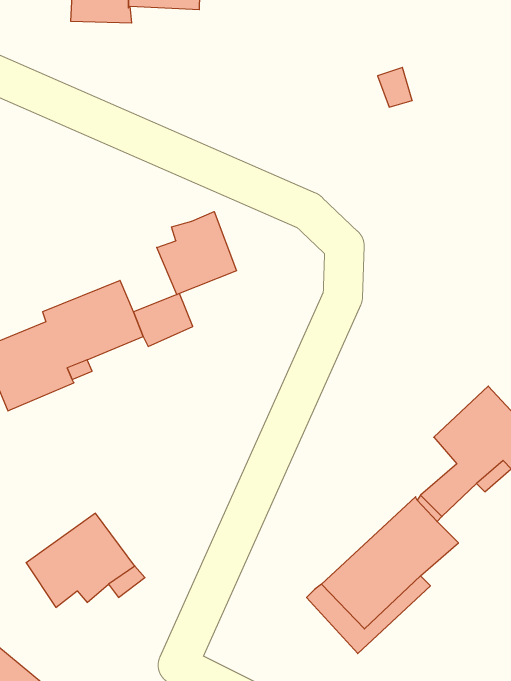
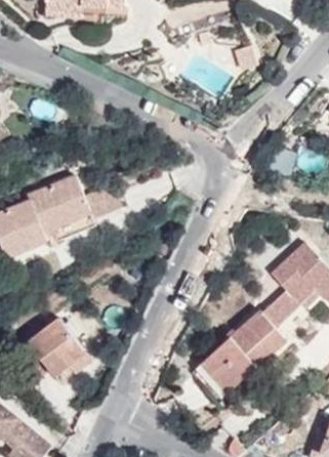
building: [157,212,237,295] -> none

